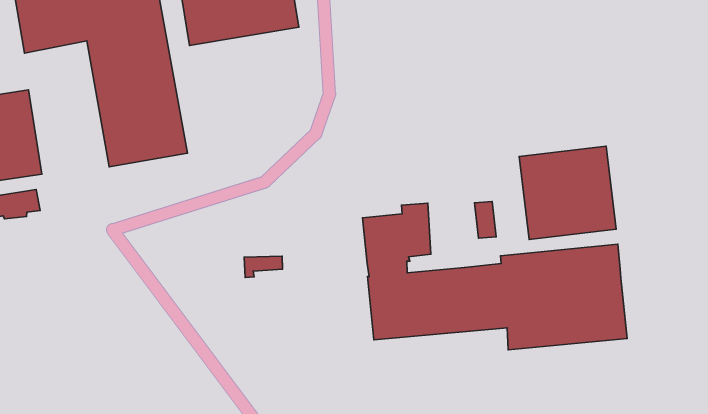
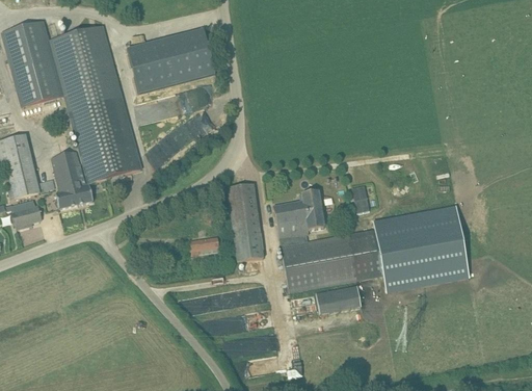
building: none -> [52,149,92,207]
building: [519,146,616,240] -> none
building: none -> [228,182,263,260]
building: none -> [316,284,361,313]

